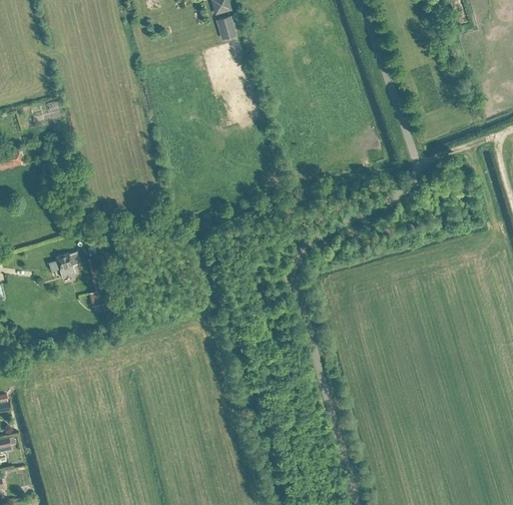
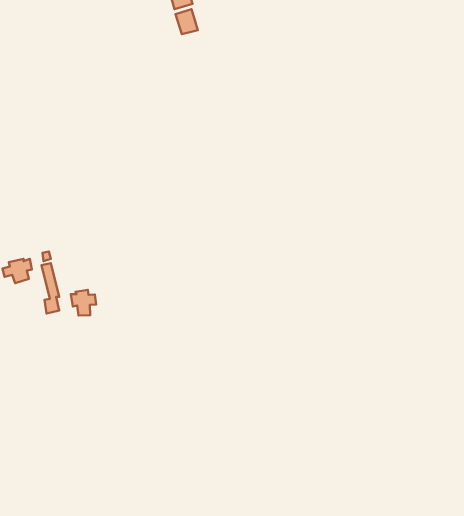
building: none -> [71,290,96,316]

